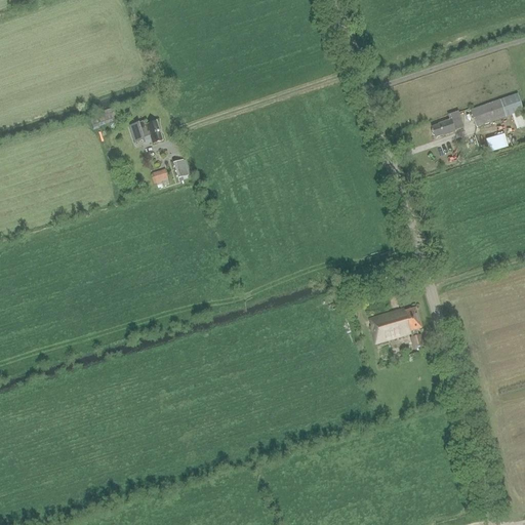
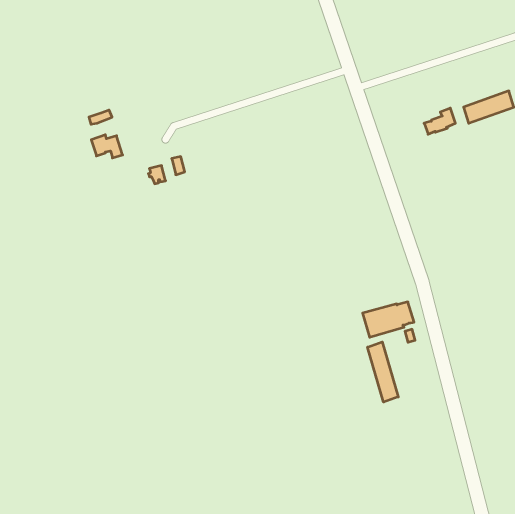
building: [129,119,161,143] -> [91,135,123,158]
building: none -> [368,342,398,402]

